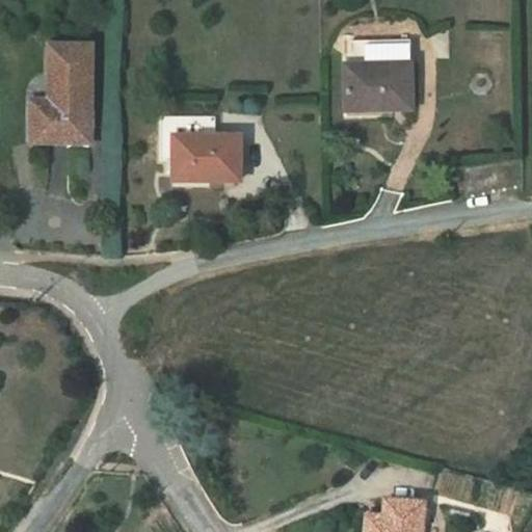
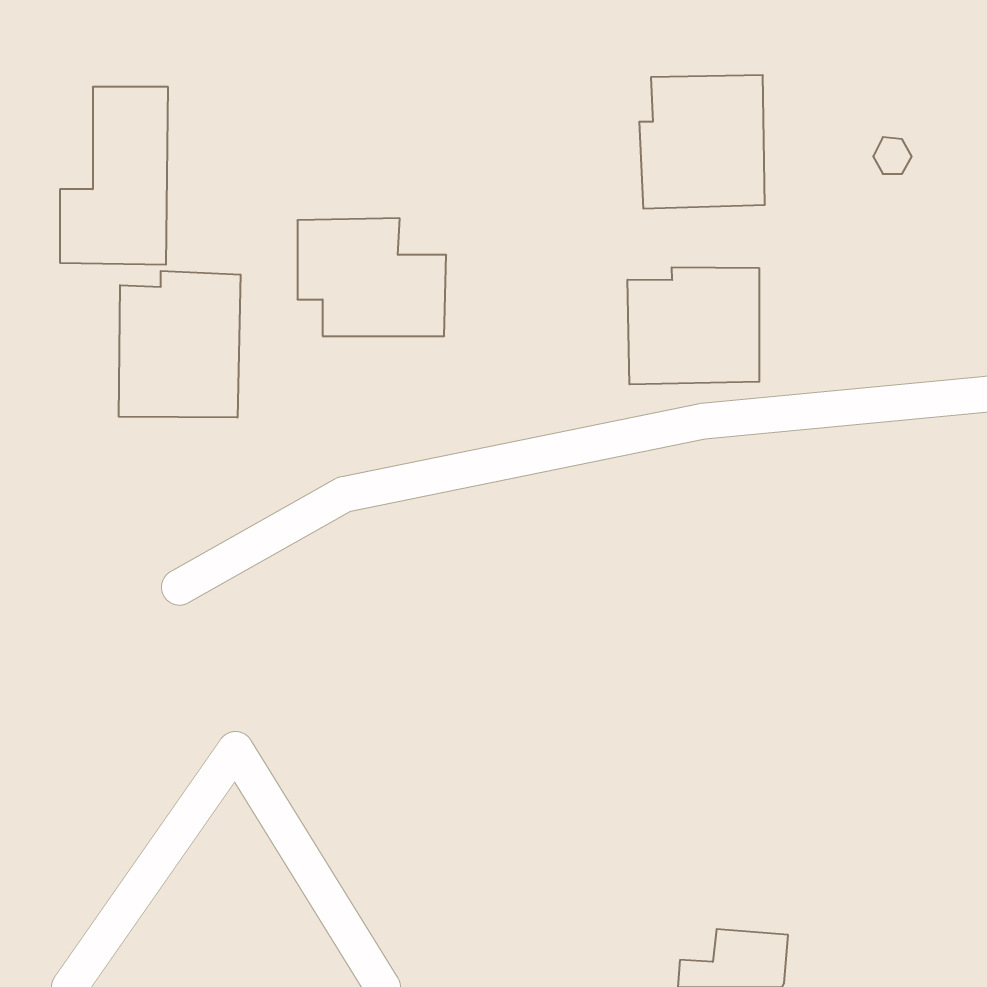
building: none -> [628,267,759,384]
building: none -> [119,271,241,418]

